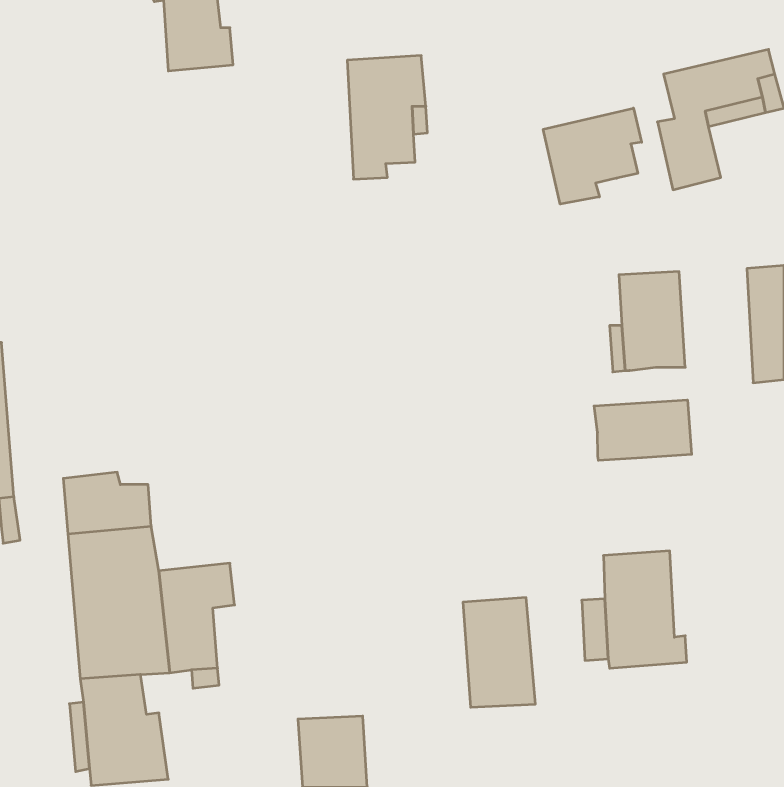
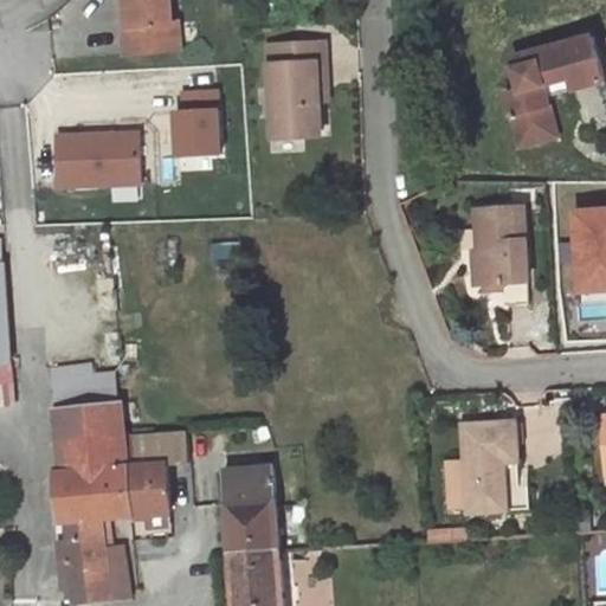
building: [543,108,642,204] -> none
building: none -> [174,91,219,156]
building: none -> [53,133,138,188]
building: [594,400,692,460] -> none
building: [463,598,535,707] -> [223,468,278,552]

